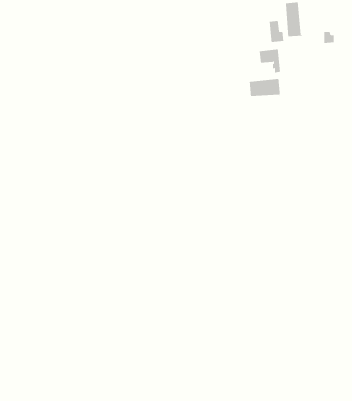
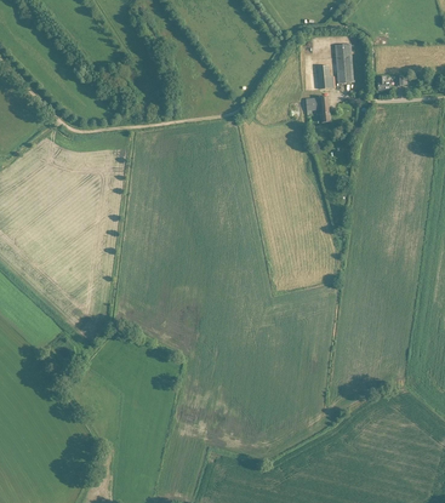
building: [249,78,280,97] -> none

